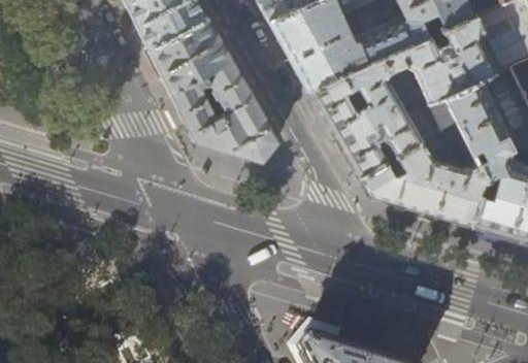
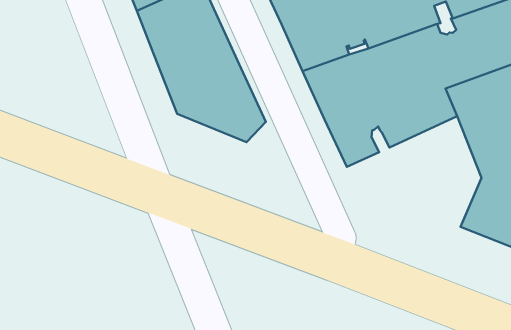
building: [359,122,486,225] -> none

